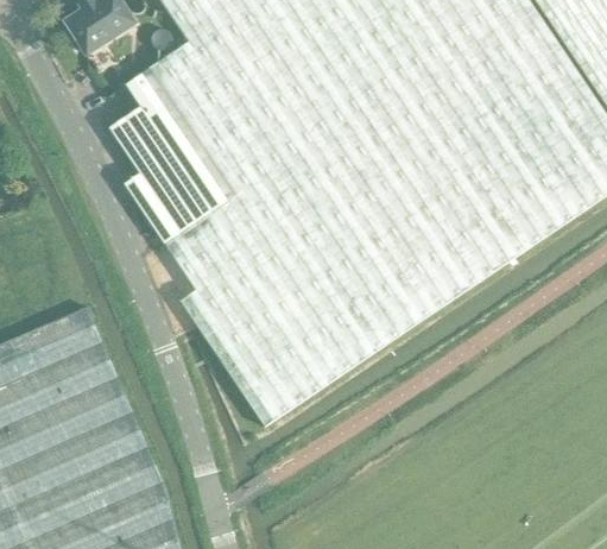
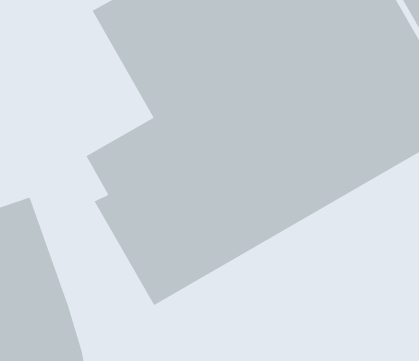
building: [107,63,245,245] -> none

